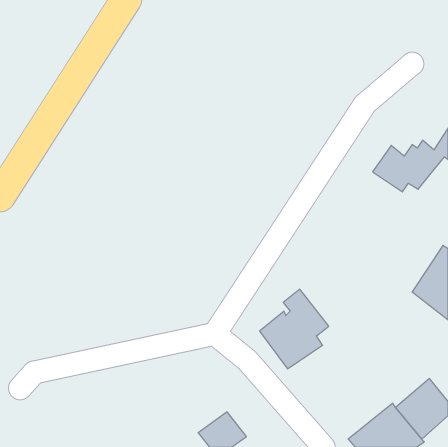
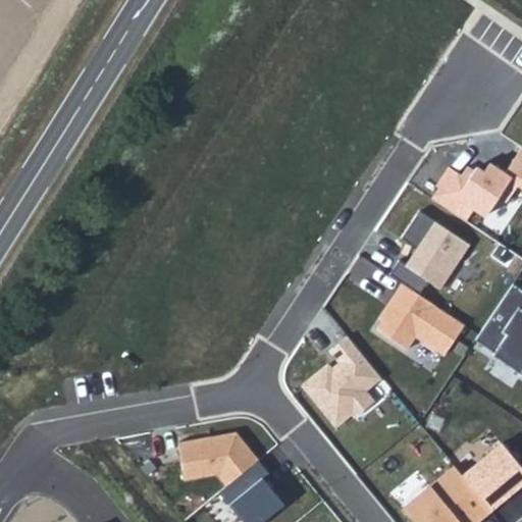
building: none -> [403,211,470,289]
building: none -> [373,285,466,358]
building: none -> [177,431,261,487]

